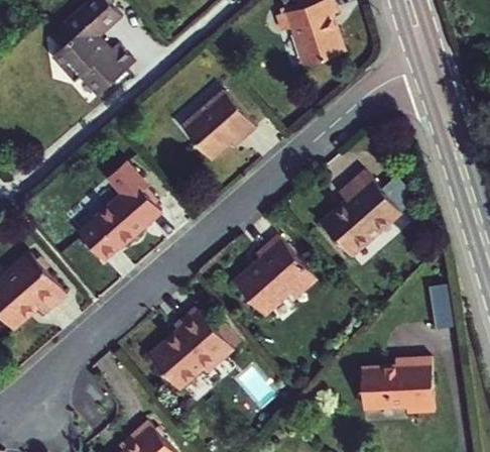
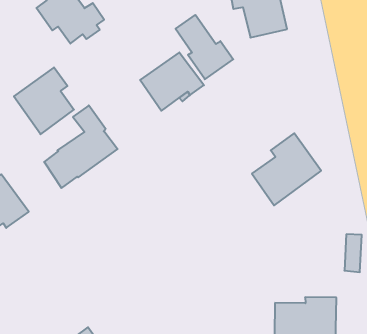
building: none -> [176,15,233,79]
building: none -> [14,67,74,134]
building: [234,237,314,314] -> none
building: [148,306,232,388] -> none

